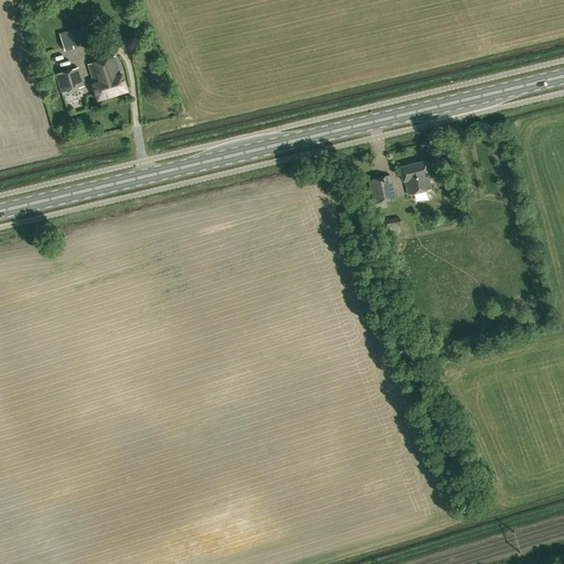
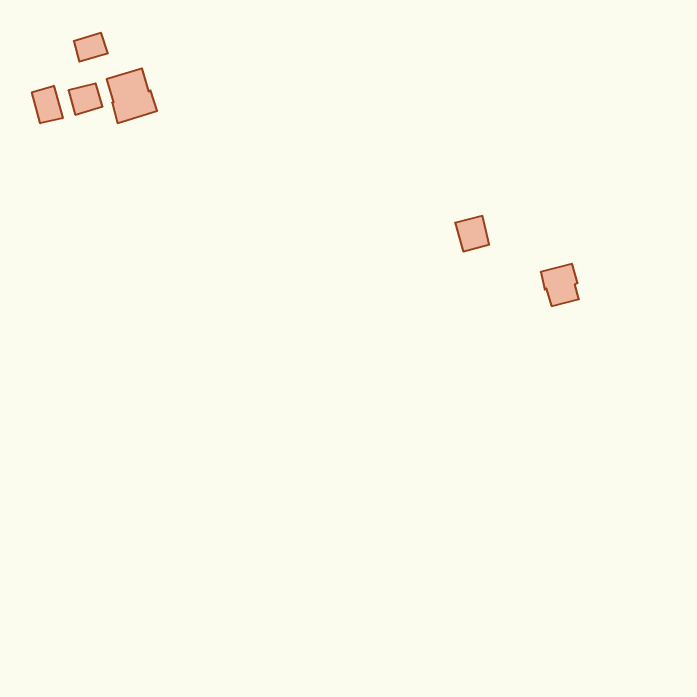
building: none -> [32,86,63,123]
building: [399,160,430,194] -> [541,264,579,306]

